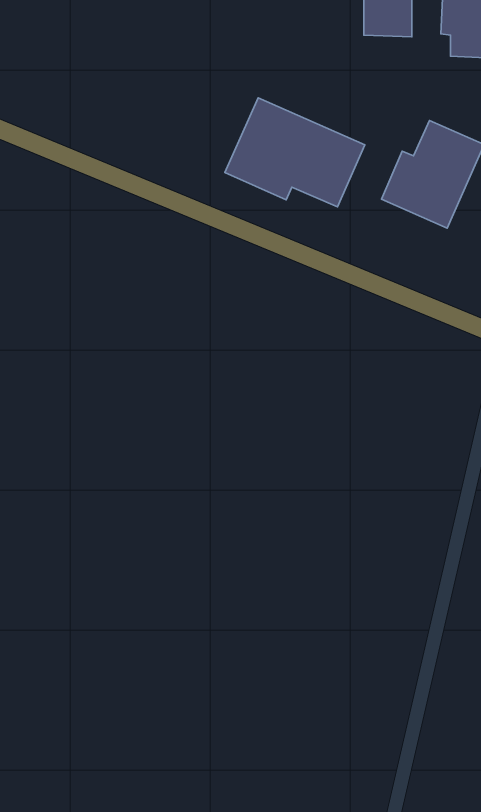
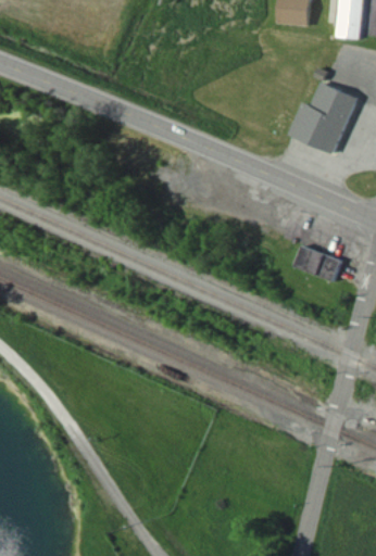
building: [225,98,365,207] -> none
building: none -> [296,247,341,282]

